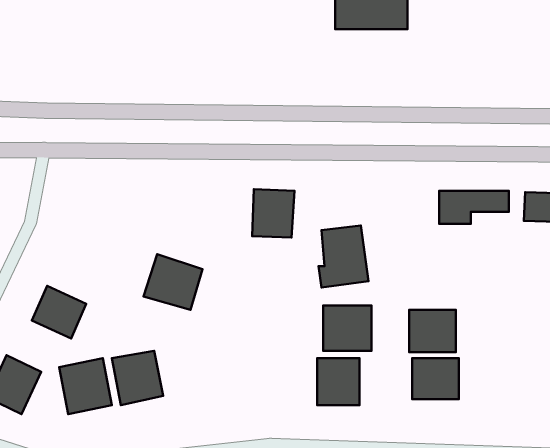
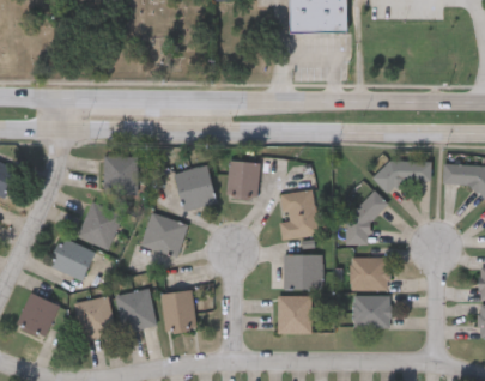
building: none -> [103,156,137,193]
building: none -> [172,164,214,210]
building: none -> [344,193,383,243]
building: none -> [75,201,122,249]
building: none -> [160,290,194,331]

